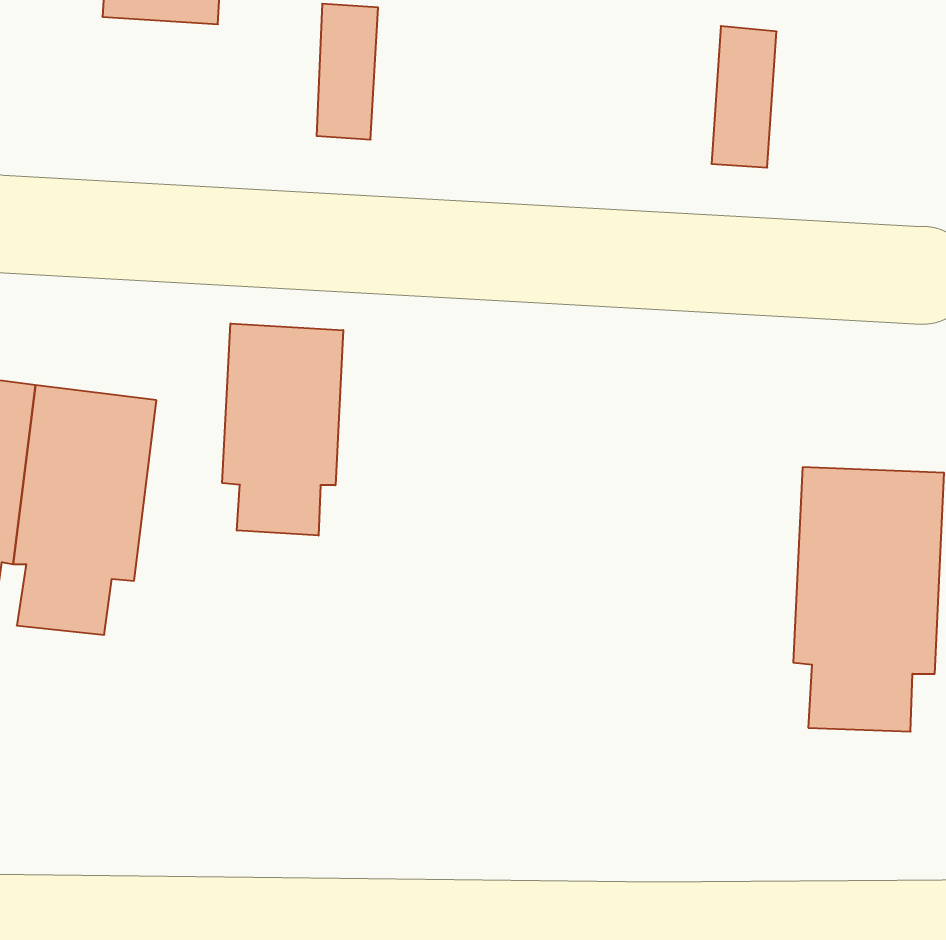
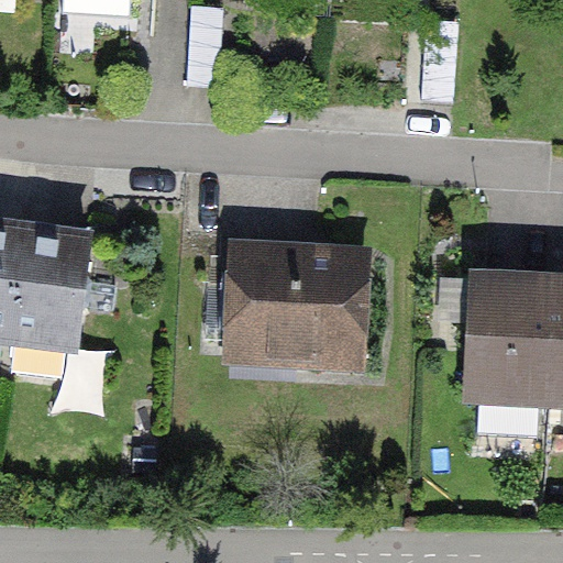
building: [222,323,343,536] -> none
building: none -> [230,246,363,356]

